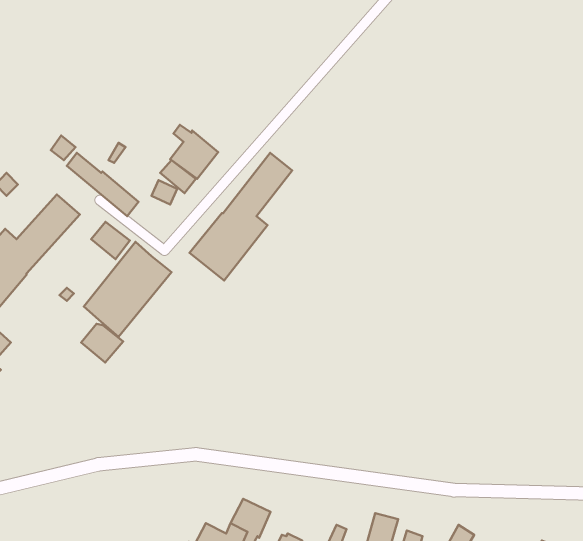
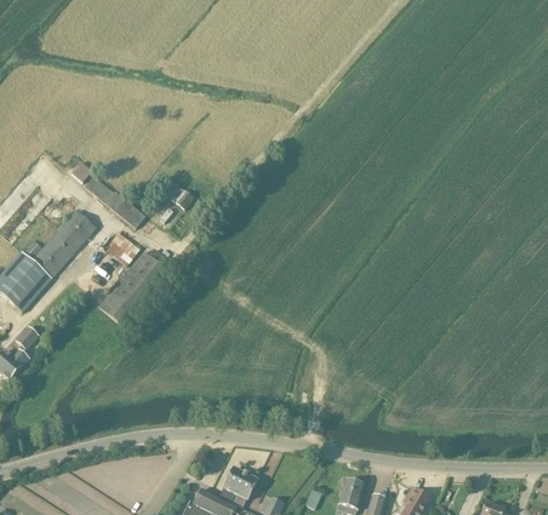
building: [170,125,218,179] -> none
building: [190,153,292,280] -> none
building: [81,324,123,362] -> none

